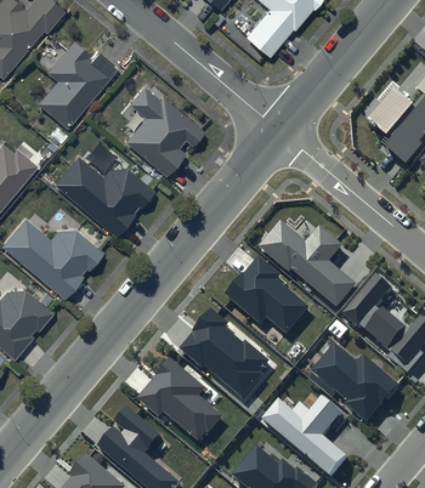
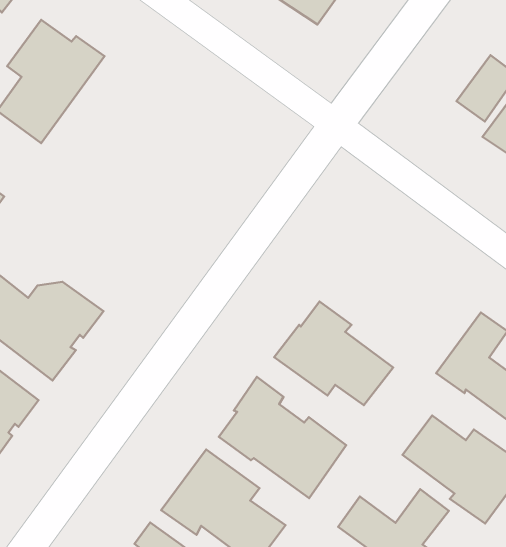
building: [124,85,204,175] -> none
building: [52,154,154,237] -> none
building: [259,220,356,306] -> none

